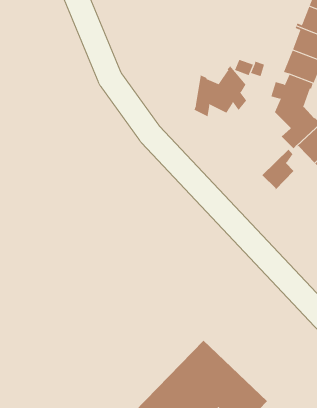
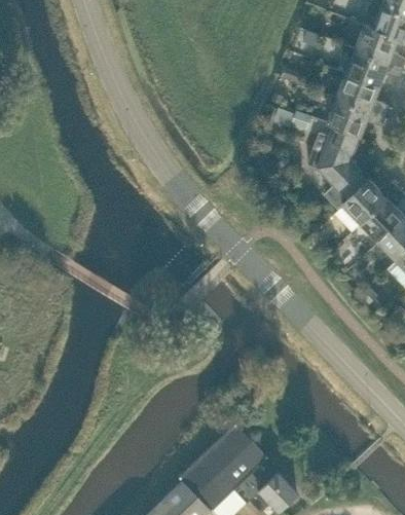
building: [194,65,247,117] -> none
building: [261,149,295,190] -> none

